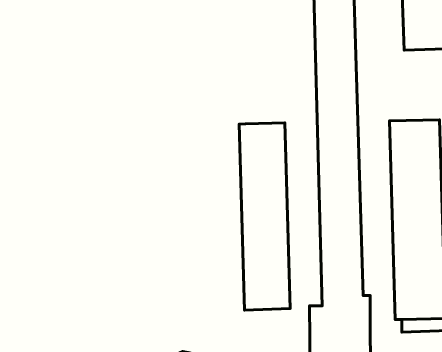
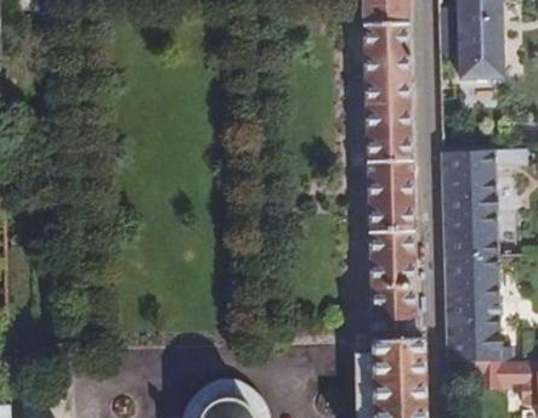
building: [239,123,290,310] -> none

